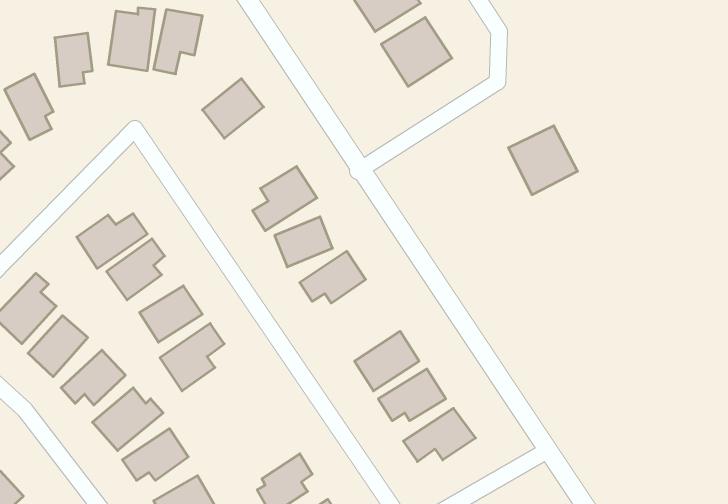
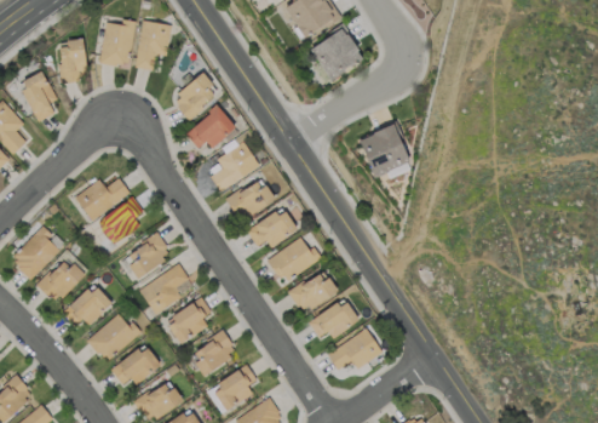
building: none -> [185,105,236,148]
building: [508,126,578,195] -> [358,124,412,177]
building: none -> [268,234,322,284]
building: none -> [166,297,212,343]
building: none -> [190,332,237,375]

